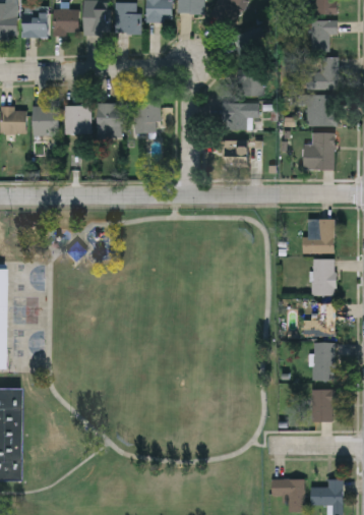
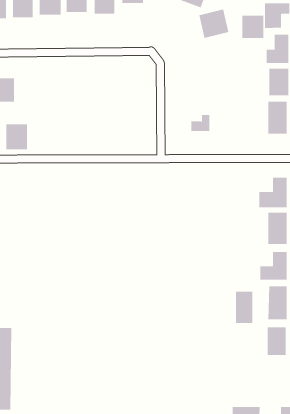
building: [239,69,264,96] -> [242,15,264,38]
building: [134,101,159,132] -> none
building: [97,103,122,137] -> none
building: [221,104,258,122] -> none
building: [33,105,58,134] -> [5,124,28,150]
building: [64,105,90,133] -> none
building: none -> [236,291,253,324]

